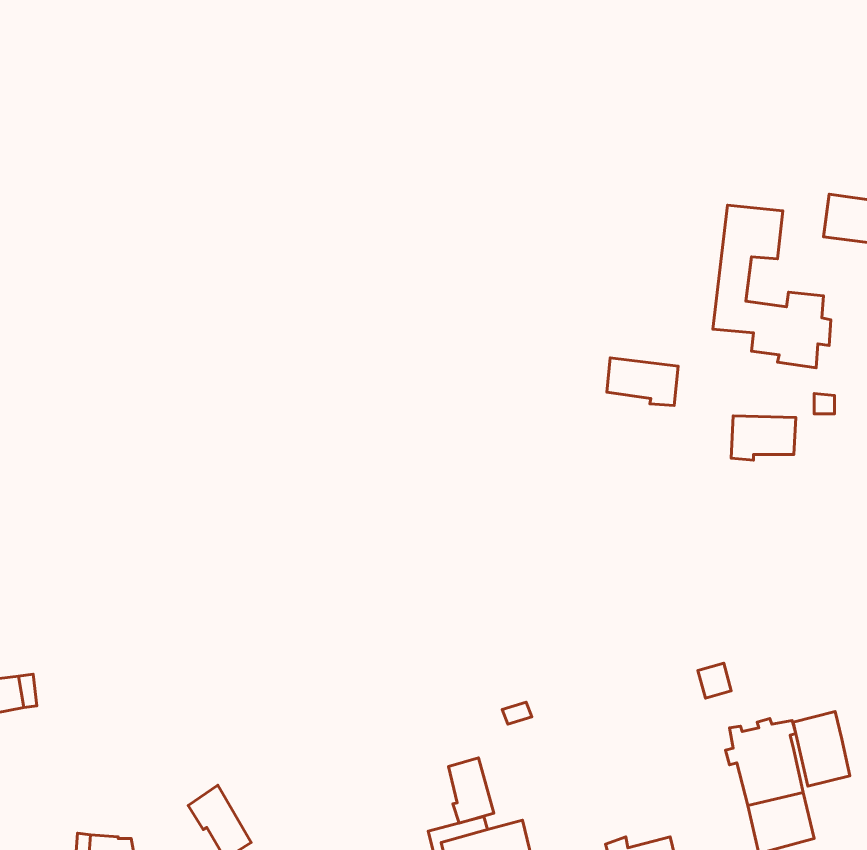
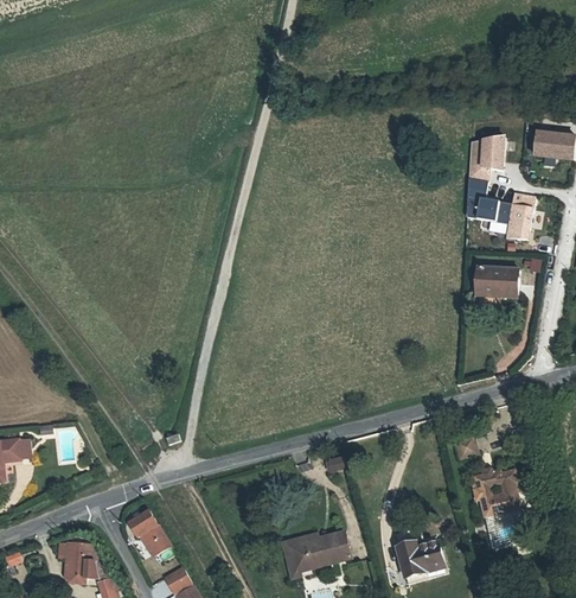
building: [607,358,678,406] -> none
building: [793,711,850,786] -> none
building: [449,758,494,823] -> none

